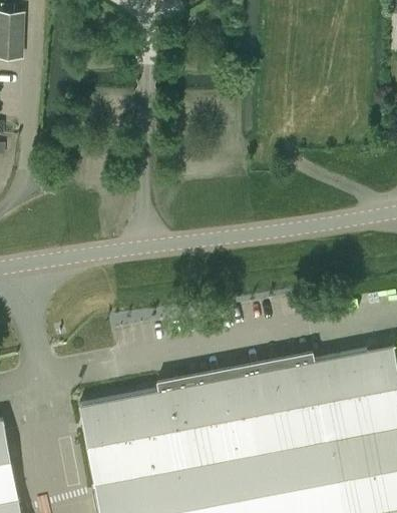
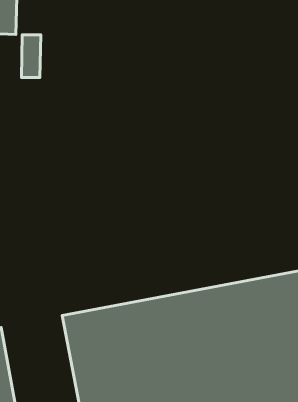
building: none -> [21,35,41,77]

